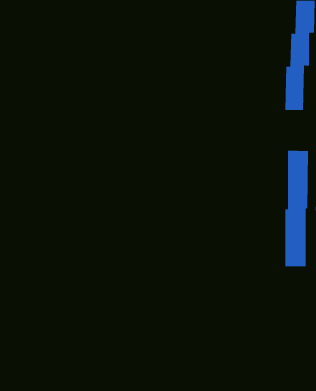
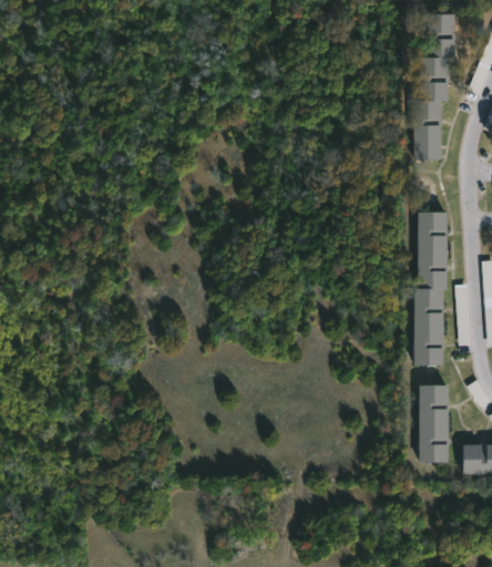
building: none -> [419,385,448,463]

